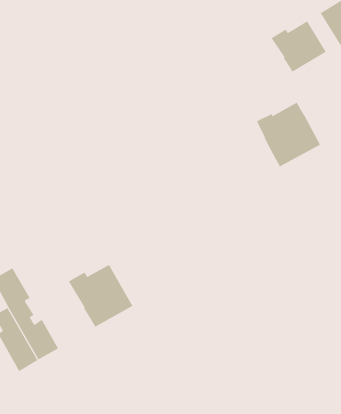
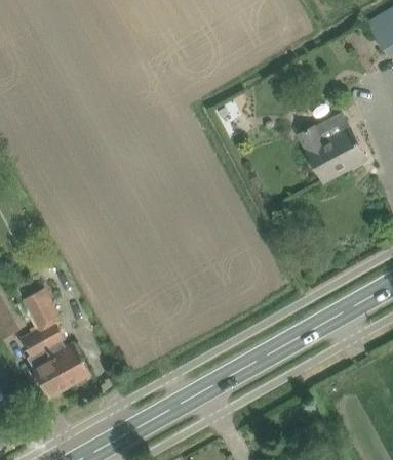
building: [271,21,326,73] -> none
building: [68,264,133,328] -> none

